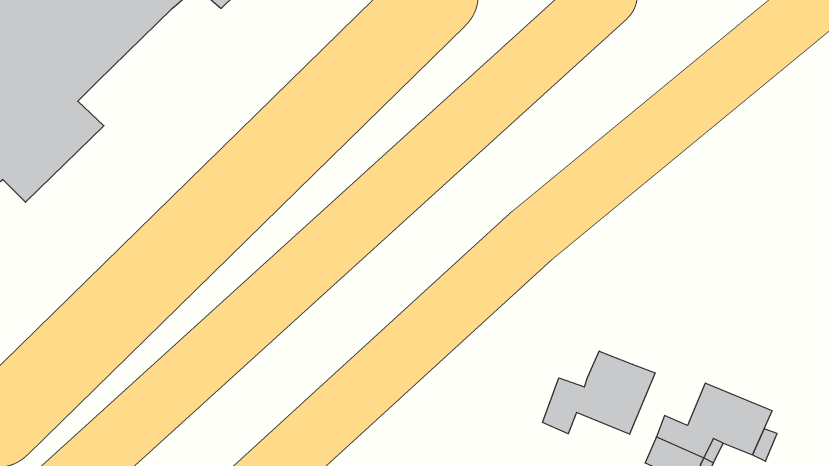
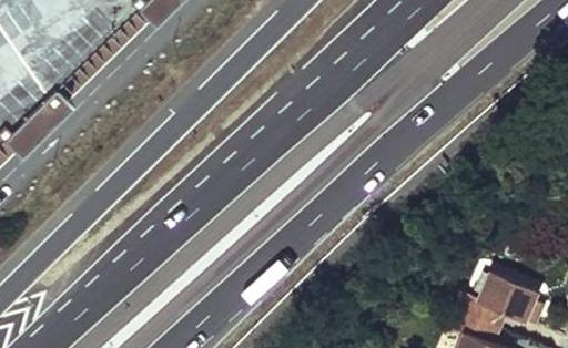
building: [542,351,655,434] -> none

